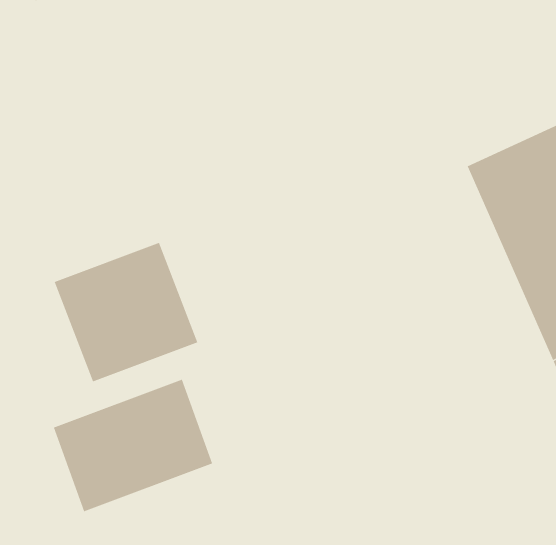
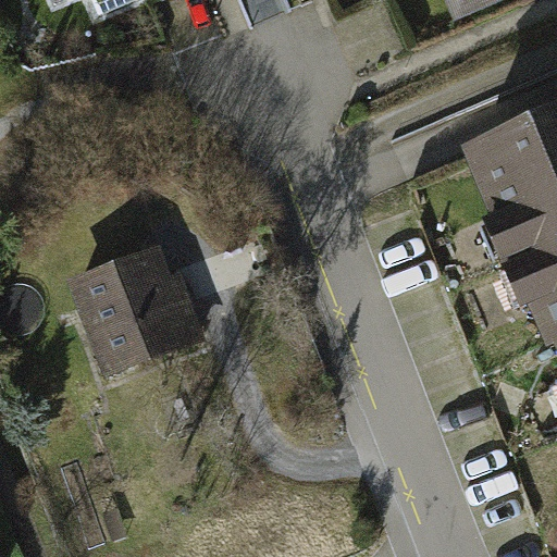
building: [53,379,213,512] -> none

